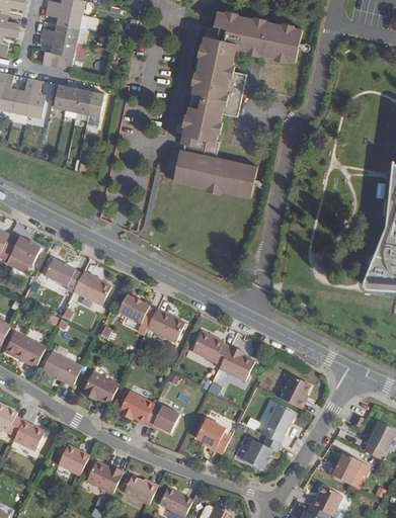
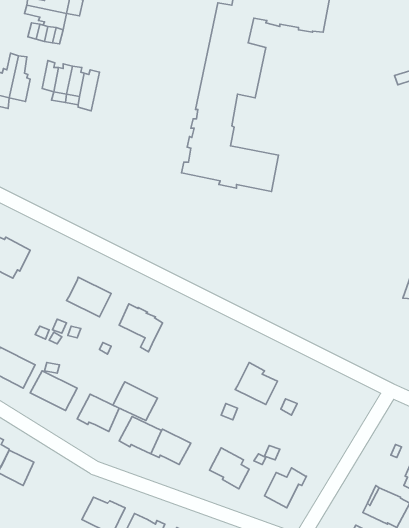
building: [45,259,82,288] -> none
building: [147,309,185,342] -> [113,382,157,420]
building: [192,331,229,365] -> none
building: [280,375,310,409] -> none
building: [262,405,295,443] -> none
building: [58,444,90,476] -> none

